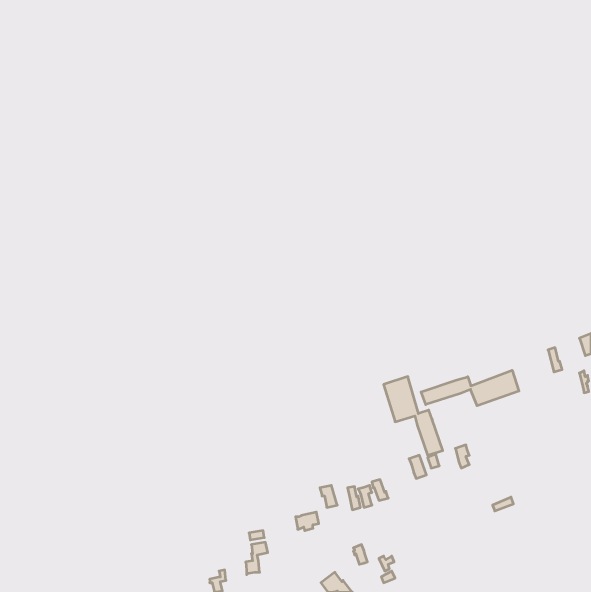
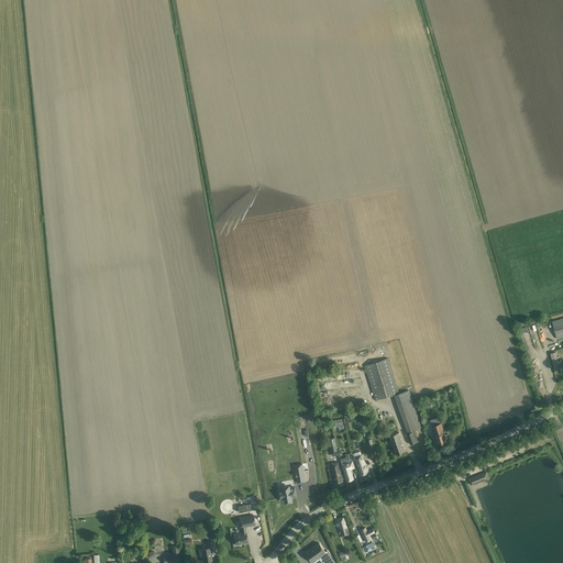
building: [421,370,519,406] -> none

